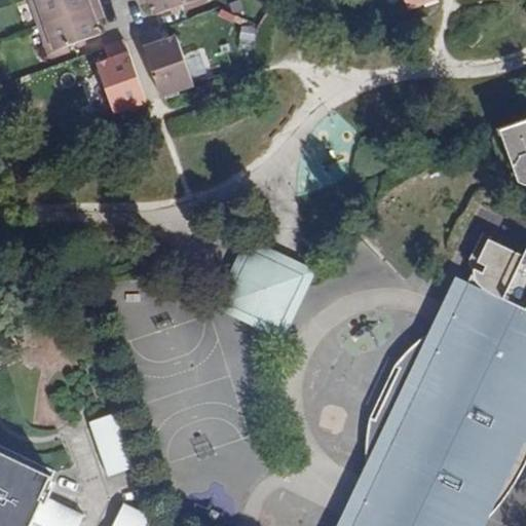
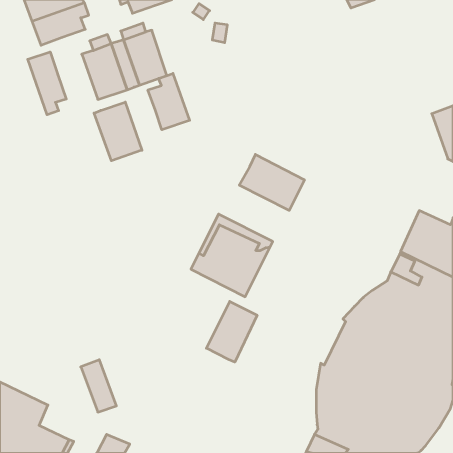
building: none -> [28,52,66,115]
building: none -> [148,73,190,130]
building: none -> [94,102,142,161]
building: none -> [239,154,304,210]
building: none -> [206,301,257,362]

